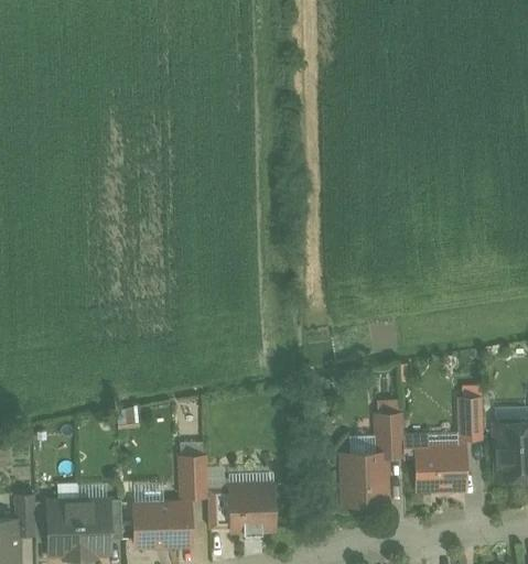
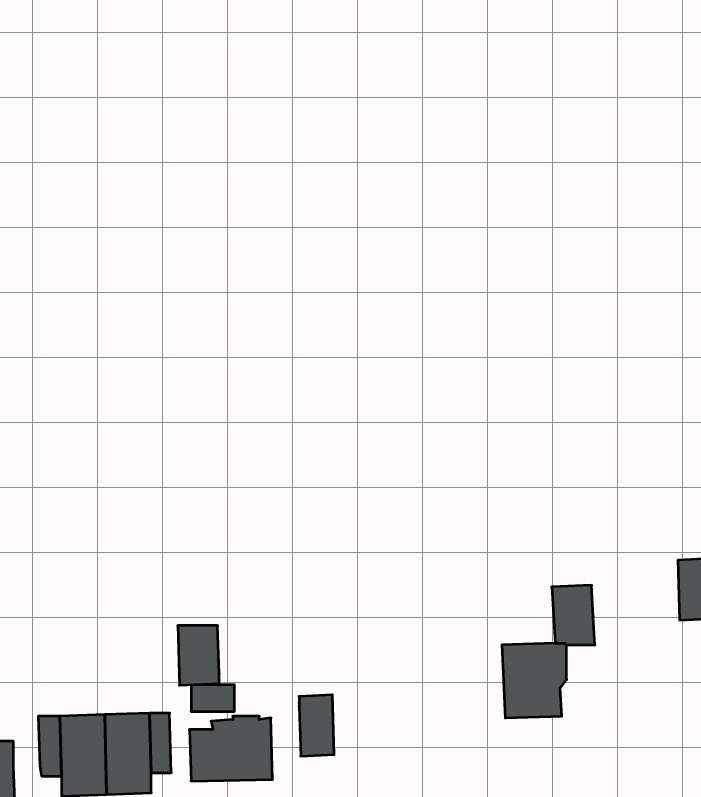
building: [402,434,464,487] -> none
building: [180,456,207,496] -> [178,626,219,685]
building: [229,484,274,533] -> none
building: [15,495,35,534] -> none

